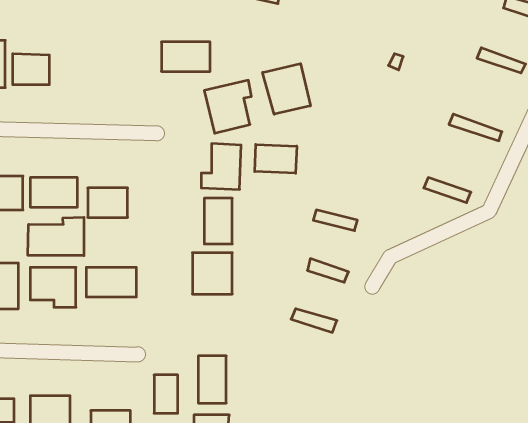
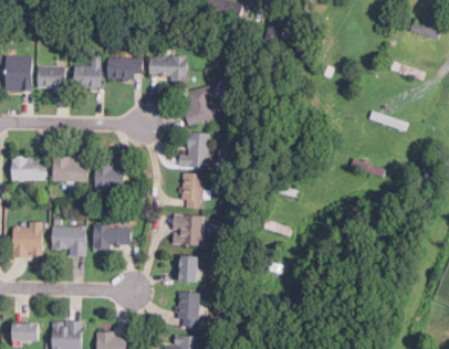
building: none -> [74,56,101,88]
building: none -> [108,59,142,80]
building: [263,64,310,114] -> none
building: [255,144,297,173] -> none
building: [28,217,84,256] -> none
building: [154,375,178,413] -> [179,256,197,285]

